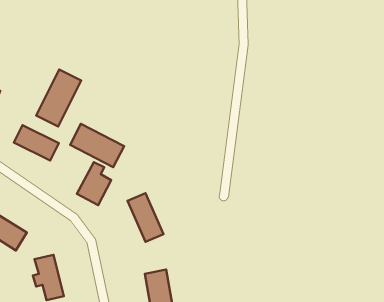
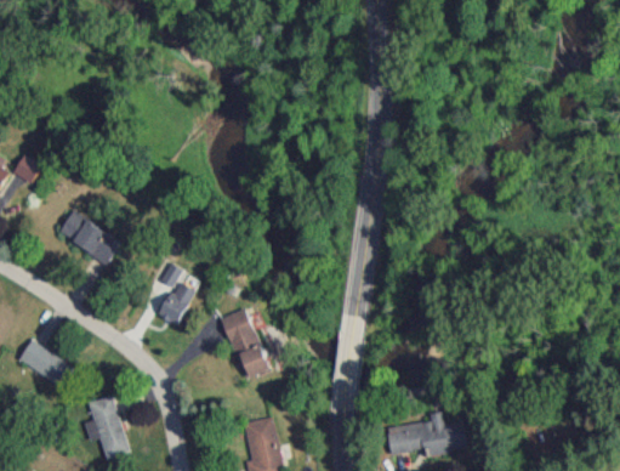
building: [36,70,81,127] -> none
building: [70,124,124,167] -> none
building: none -> [387,410,467,454]

